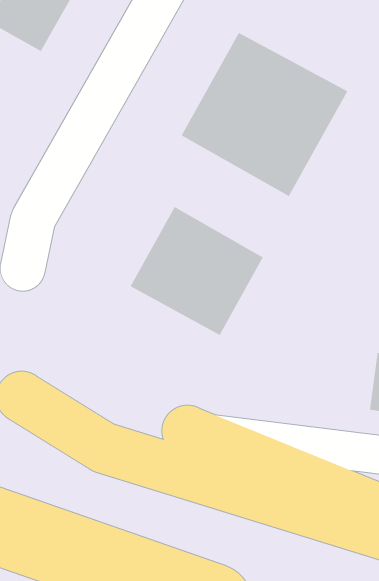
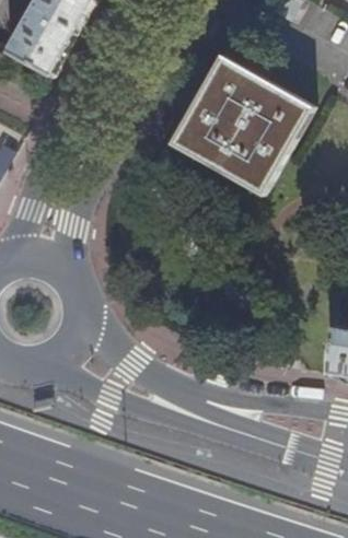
building: [130,206,263,336] -> none

